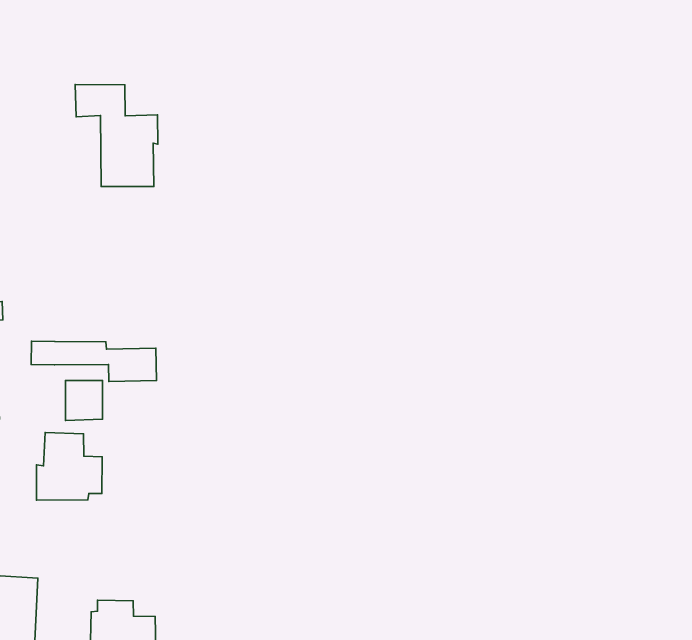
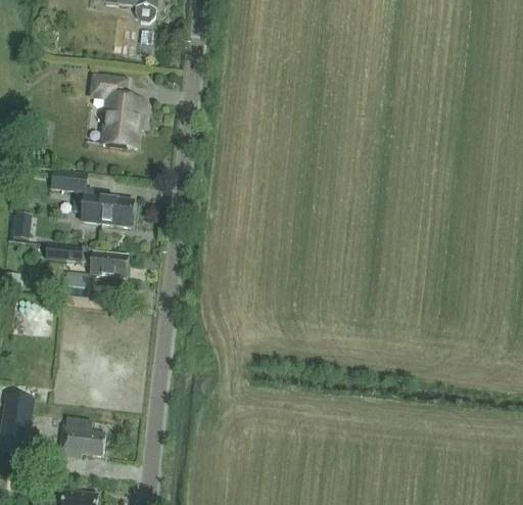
building: none -> [51,170,133,226]
building: [36,433,102,500] -> none

